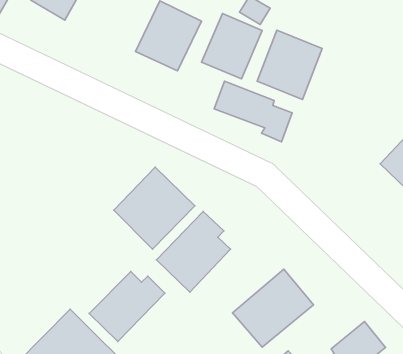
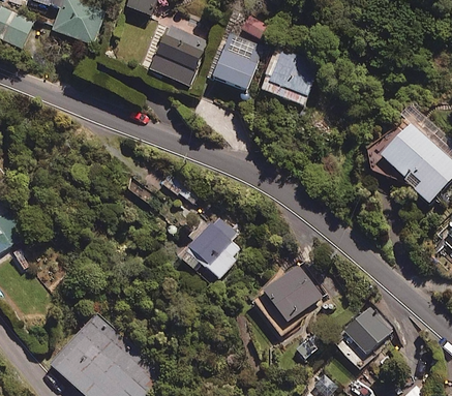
building: [214,81,292,142] -> none
building: [114,167,195,249] -> none
building: [89,271,165,342] -> none

